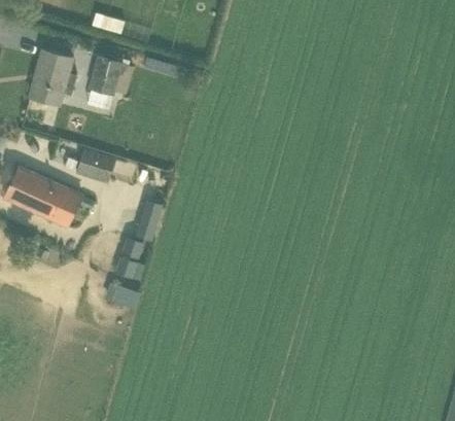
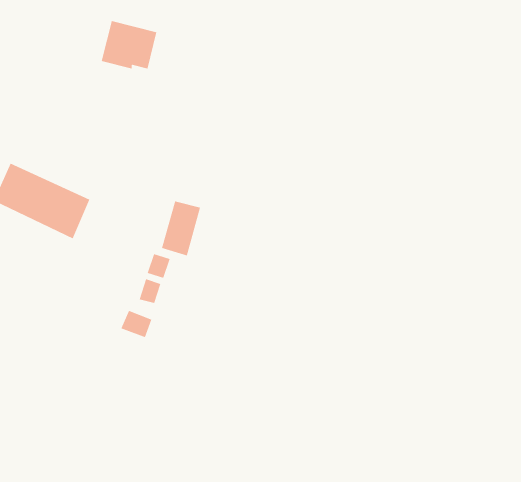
building: [29,51,76,105] -> none
building: [75,149,124,182] -> none

